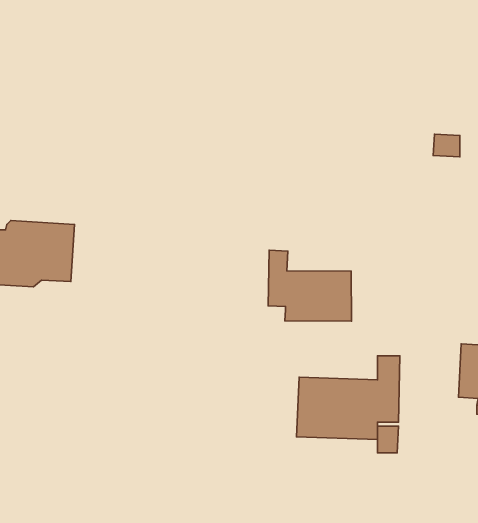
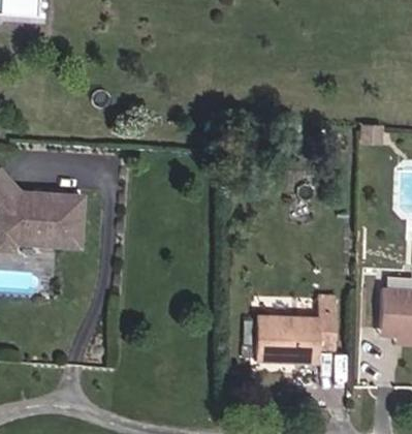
building: [268,250,352,321] -> none

